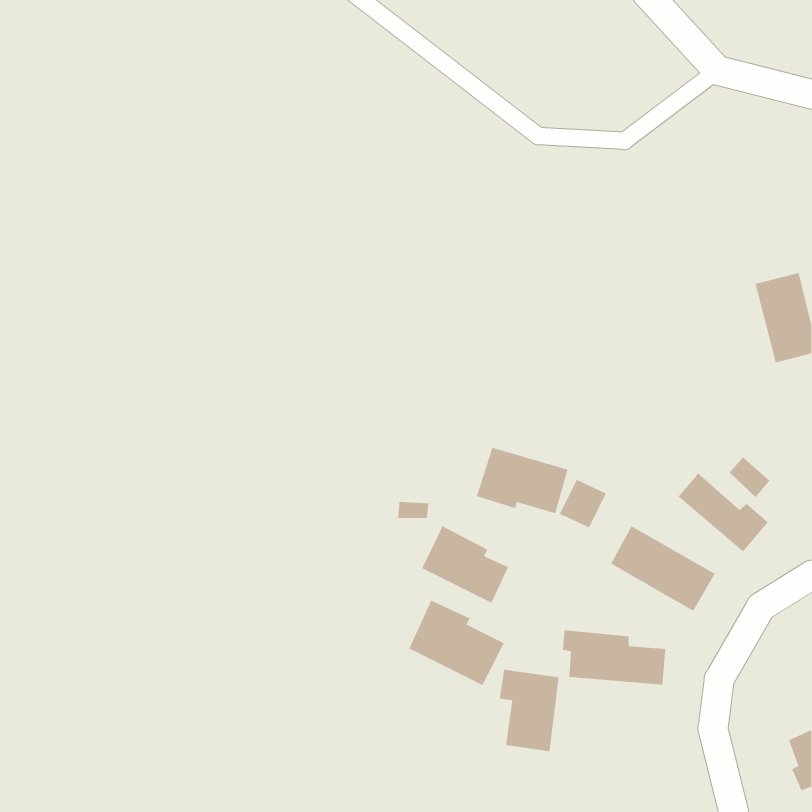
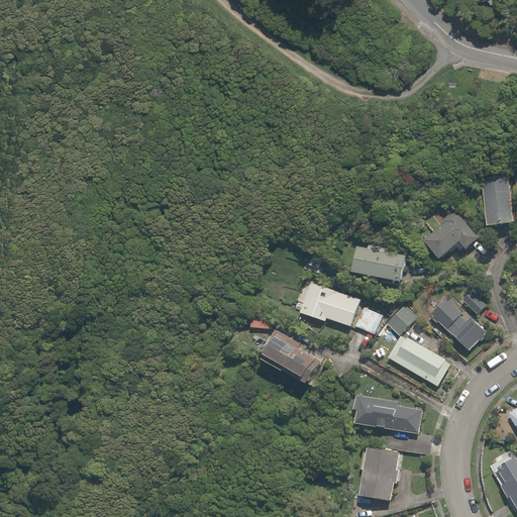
building: none -> [423,211,479,260]
building: none -> [348,245,407,283]
building: none -> [385,301,415,331]
building: [408,599,505,686] -> none
building: [499,669,560,752] -> [358,449,397,502]

